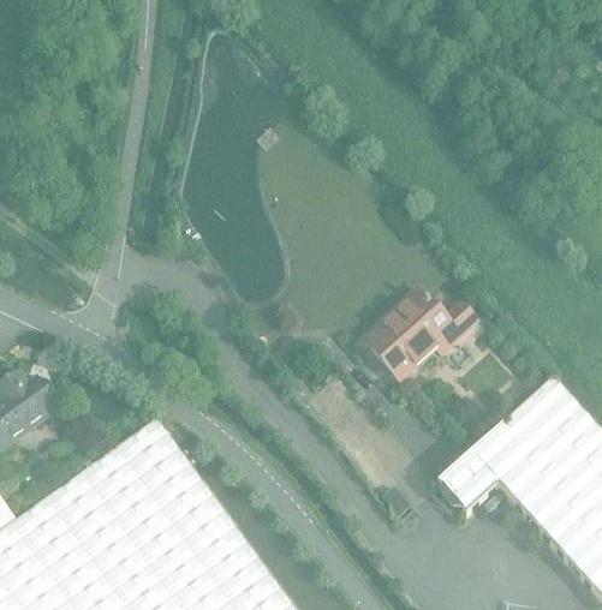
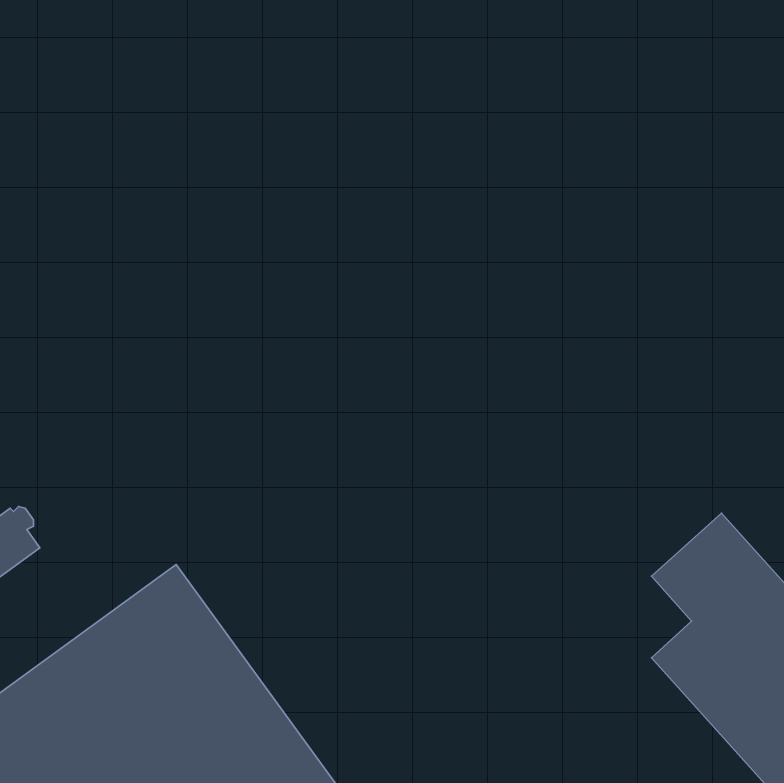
building: [369,287,475,376] -> none
building: [437,426,528,514] -> none

